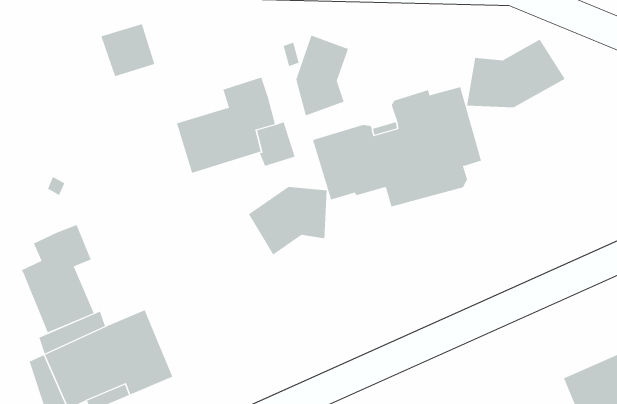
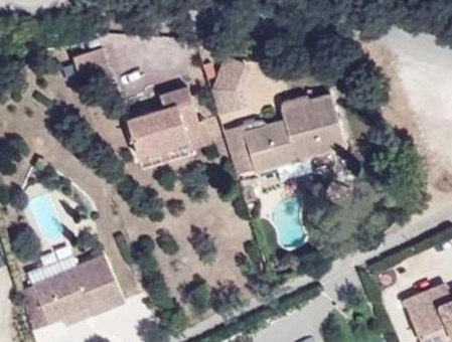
building: [466,39,566,108] -> none
building: [248,186,327,256] -> none
building: [21,224,94,333] -> none

